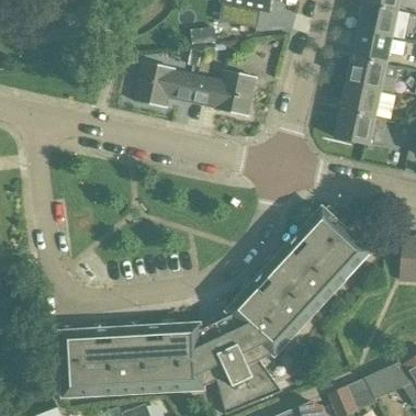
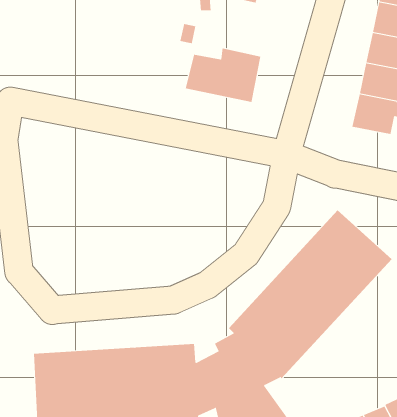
building: [136,65,200,109] -> none

